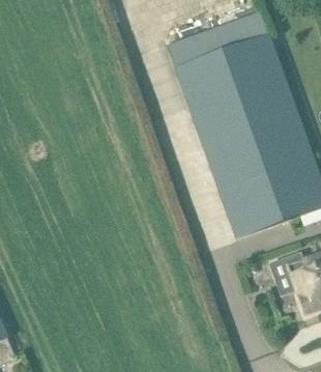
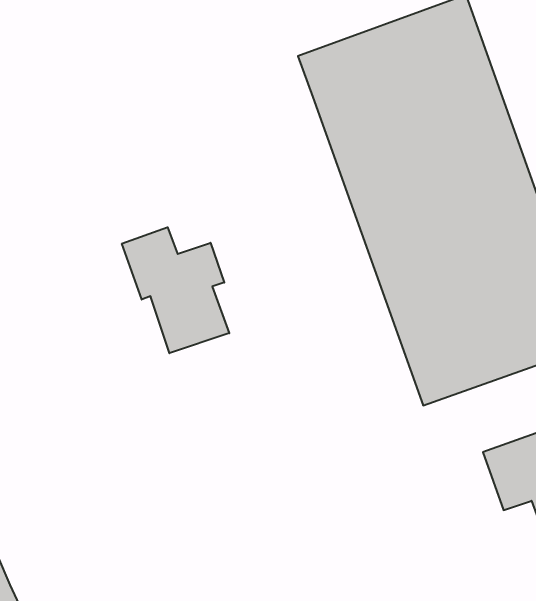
building: none -> [122,227,229,353]

